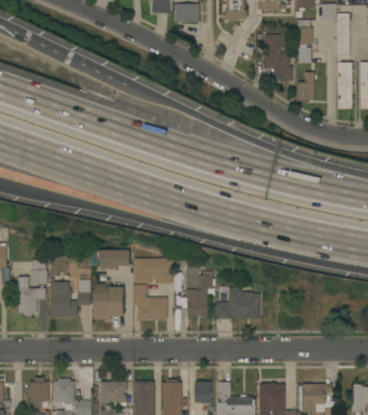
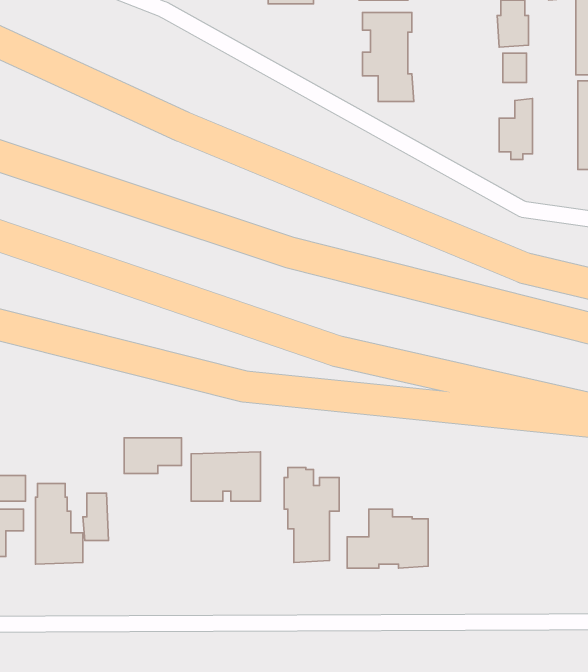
building: [265,34,292,81] -> [362,13,414,101]
building: [93,283,124,319] -> none
building: [133,286,166,320] -> none

